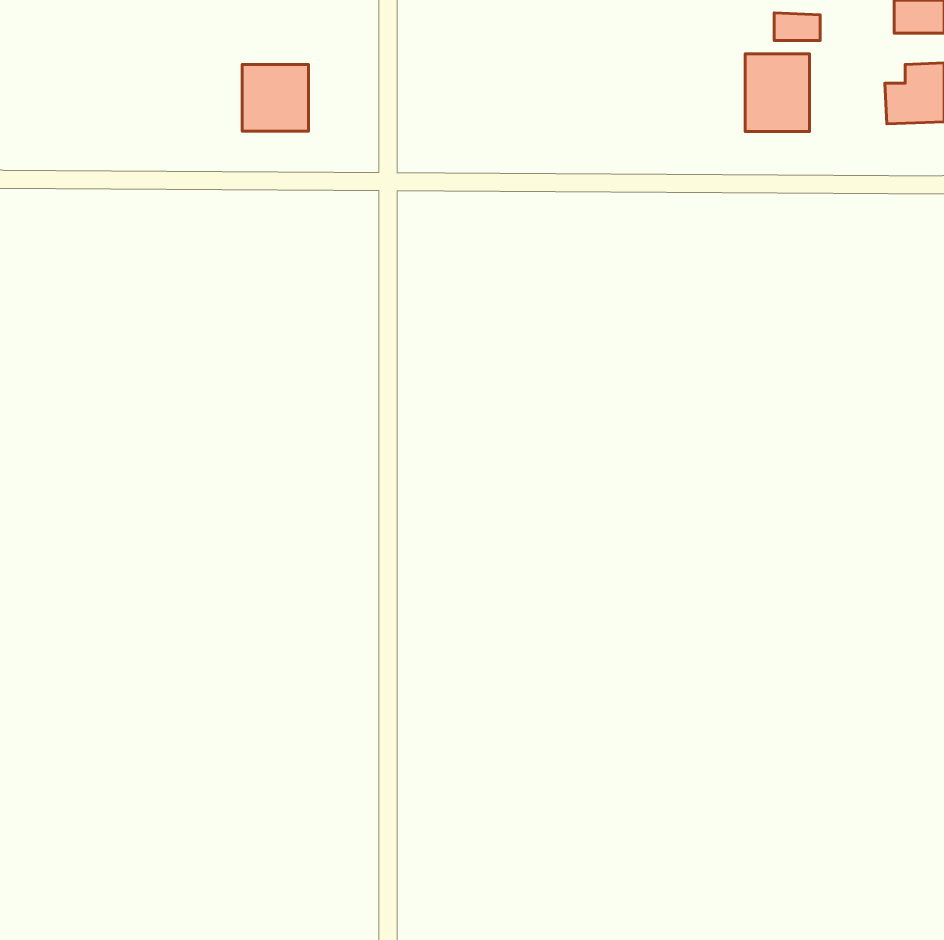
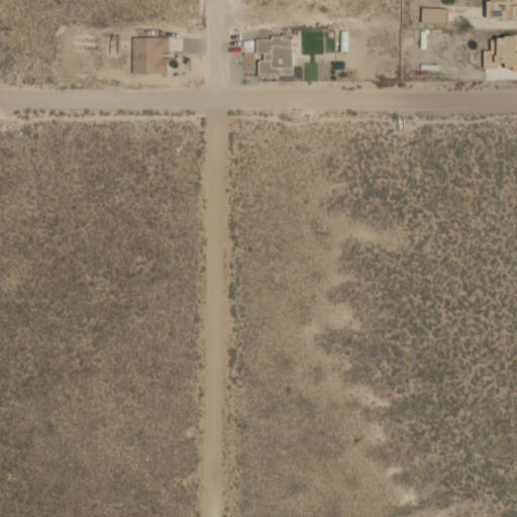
building: [745,54,809,131] -> none
building: none -> [257,37,294,76]

